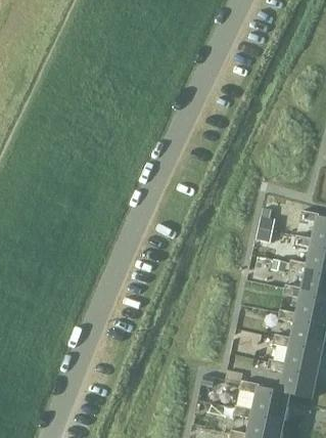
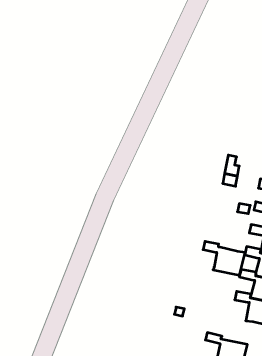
building: [243,380,290,418] -> [203,241,245,275]

